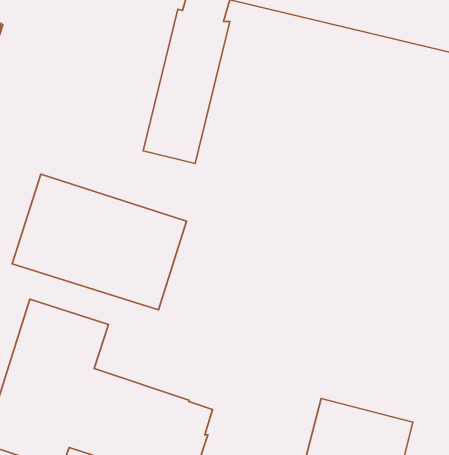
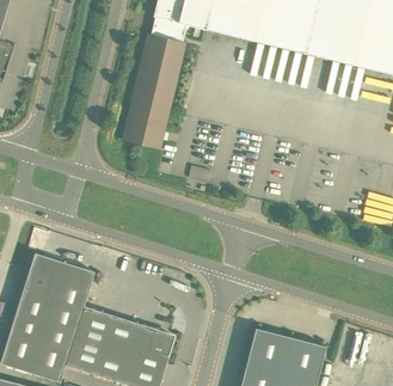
building: [12,174,186,310] -> none

